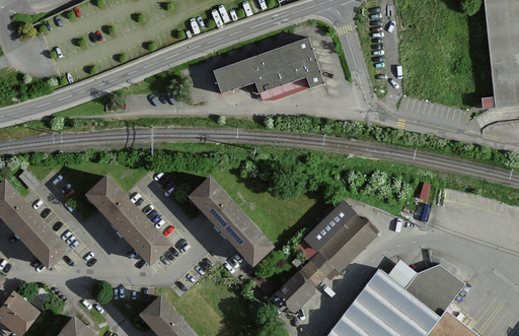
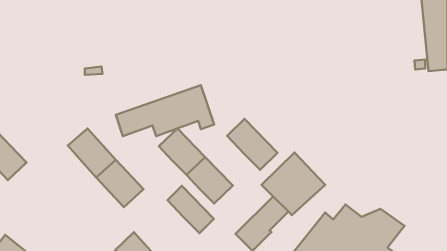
building: [212,41,323,98] -> [116,85,214,136]
building: none -> [227,119,277,170]
building: [17,213,70,267] -> none
building: none -> [168,186,214,233]

